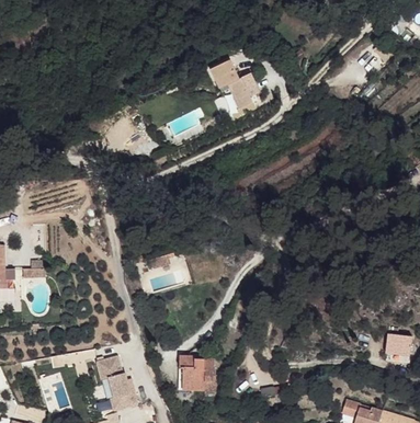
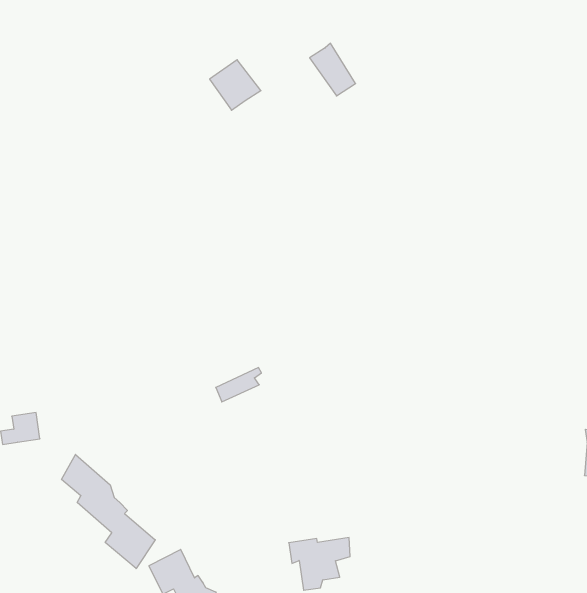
building: [214,61,242,90] -> [210,60,261,110]
building: none -> [62,454,155,569]

